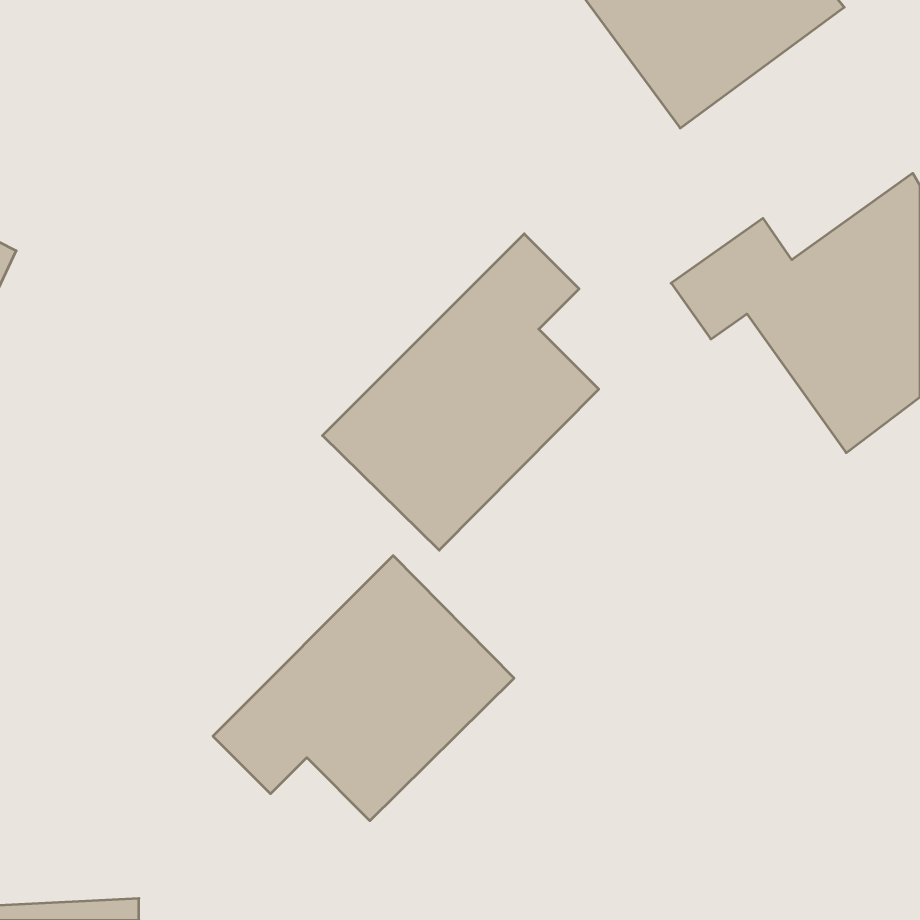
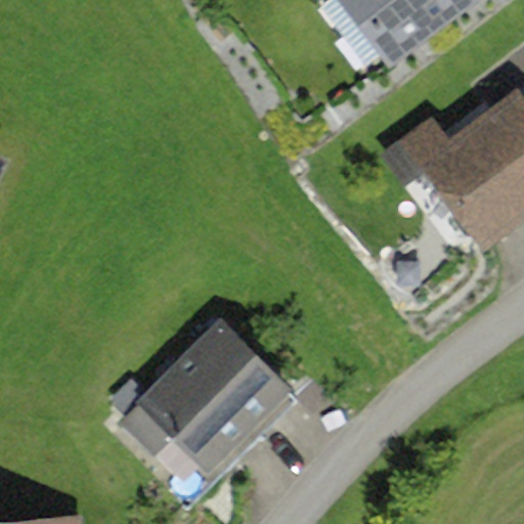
building: [322,234,599,550] -> none

